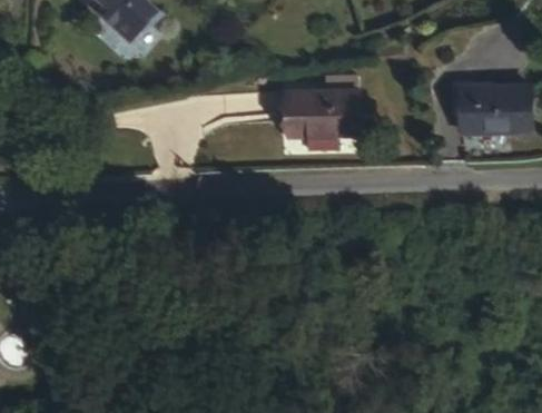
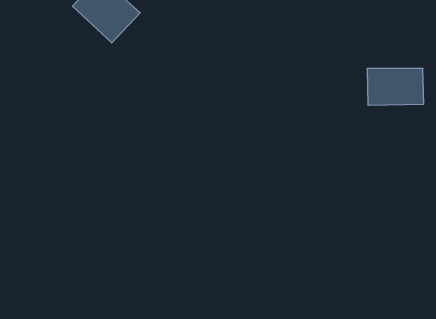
building: [269,89,343,136] -> none

